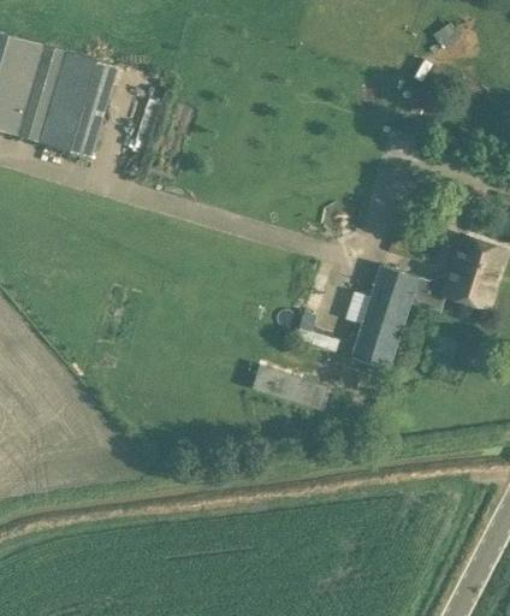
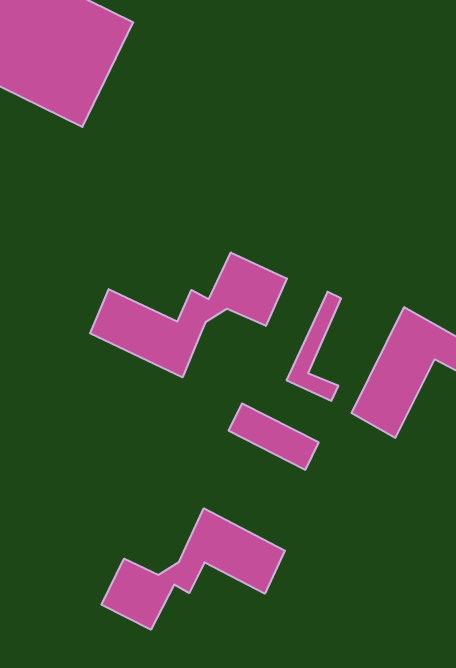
building: none -> [90,252,287,377]
building: none -> [101,508,285,630]

